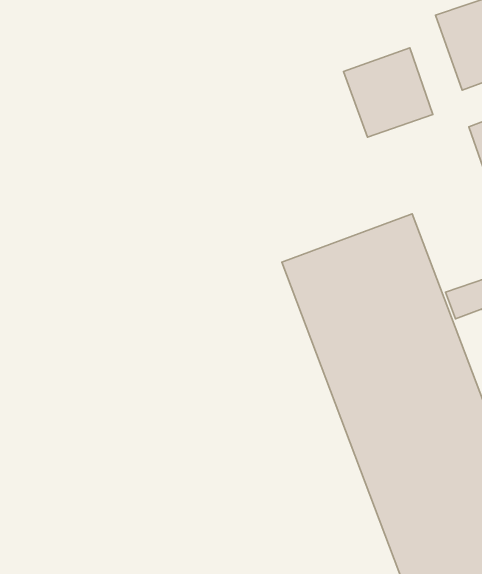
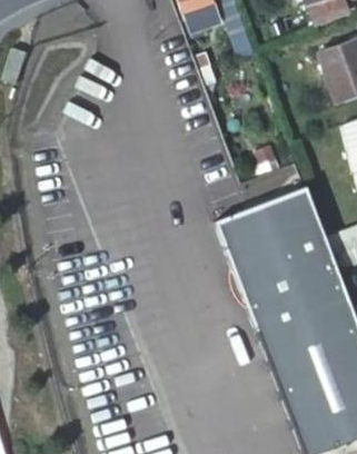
building: [343,48,433,137] -> none

